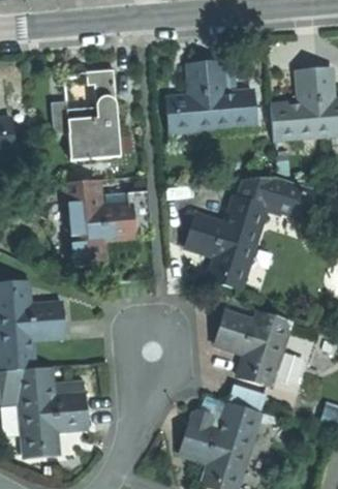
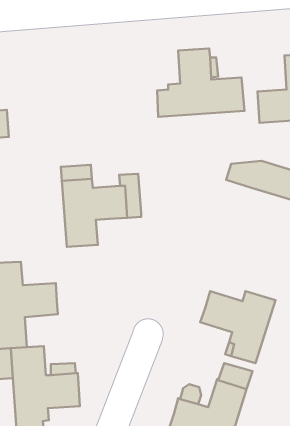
building: [52,71,121,161] -> none
building: [183,194,265,288] -> none

